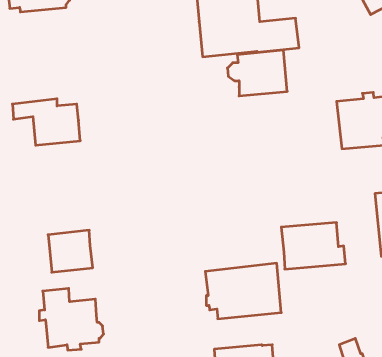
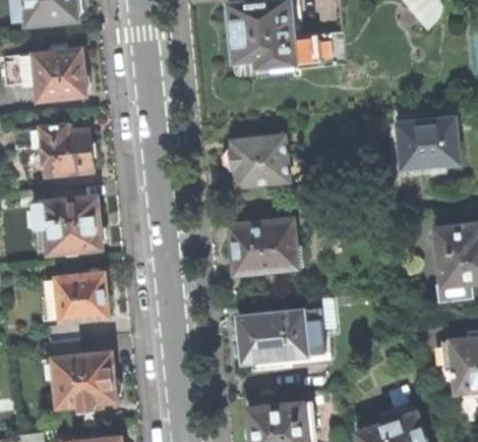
building: none -> [7,43,89,98]
building: [227,50,287,96] -> [220,135,288,187]
building: none -> [18,188,106,252]
building: [281,223,346,269] -> [228,221,301,274]

